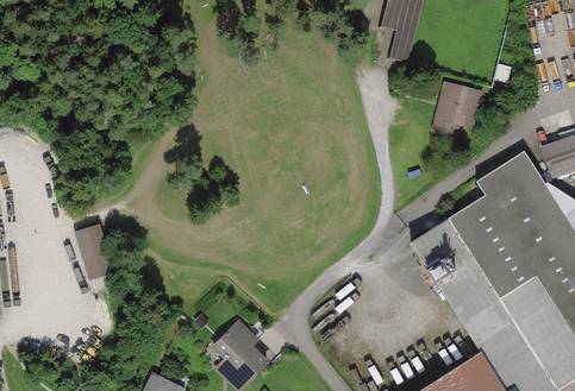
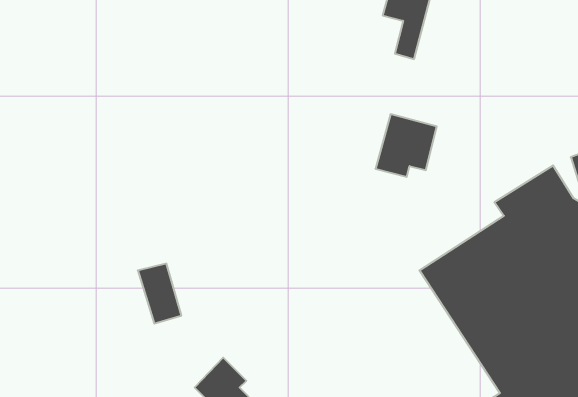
building: [435,81,488,135] -> [375,114,437,177]
building: [75,226,113,278] -> [138,264,181,324]

